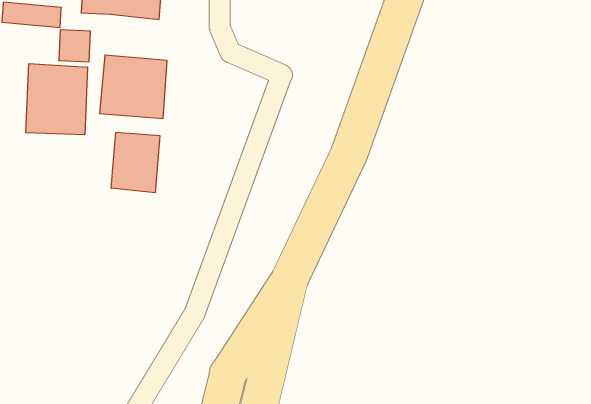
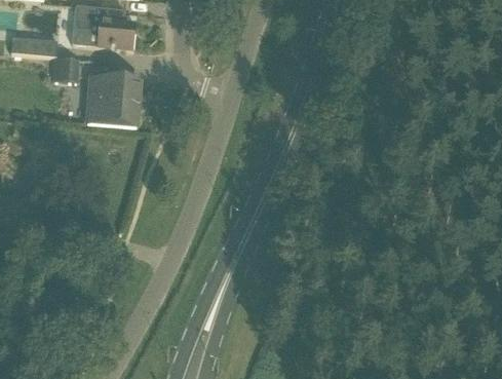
building: [26,64,88,135] -> none
building: [111,132,160,193] -> none

